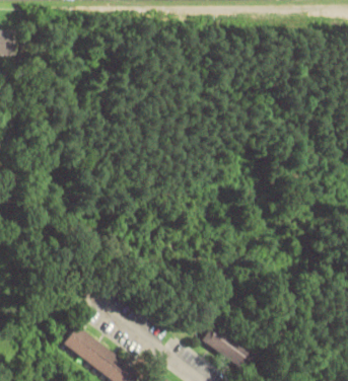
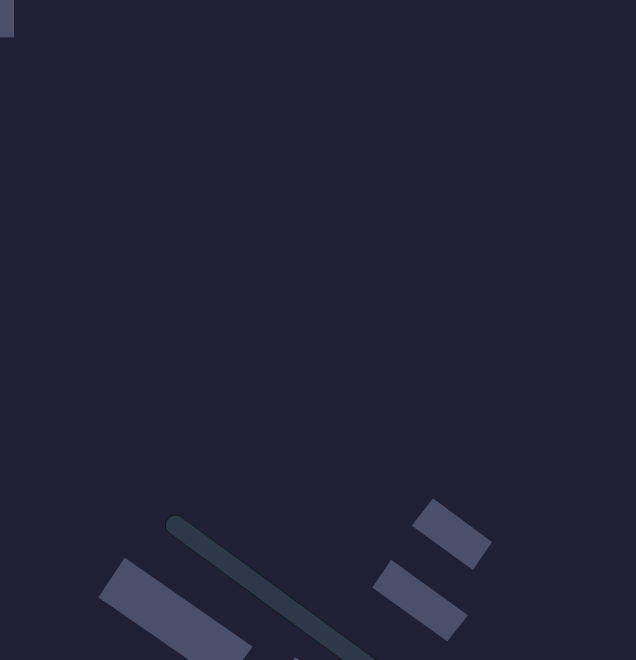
building: none -> [411,497,493,571]

